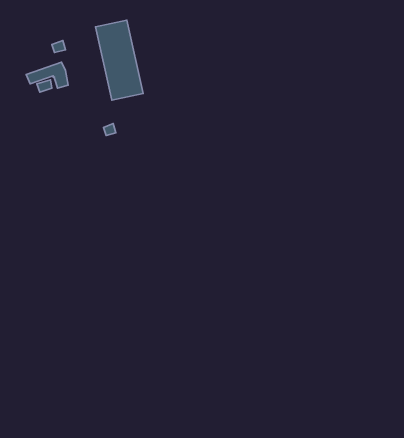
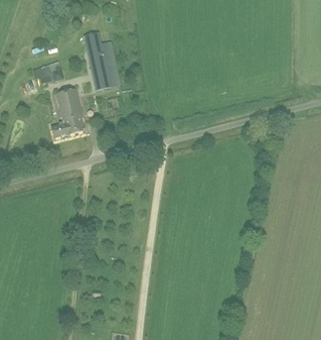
building: none -> [51,88,86,137]

